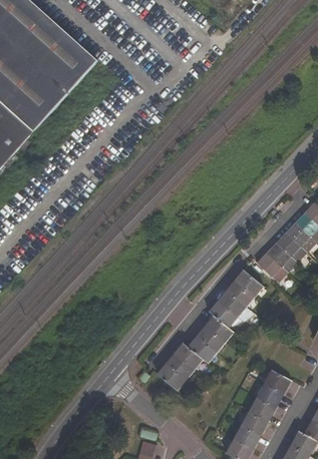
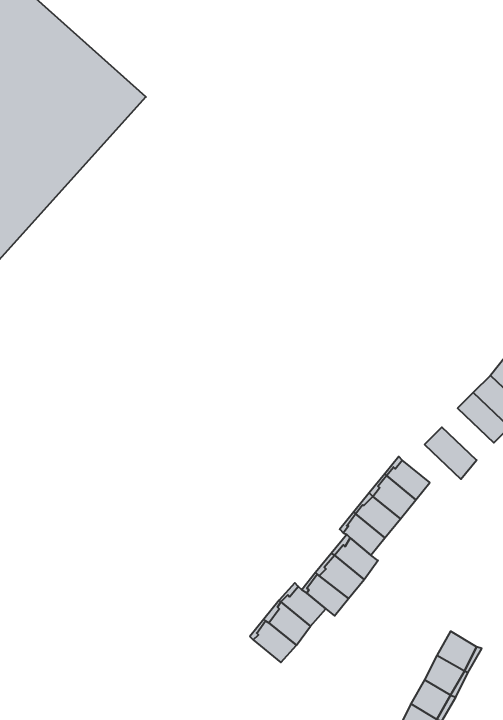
building: [269,241,299,271] -> none

